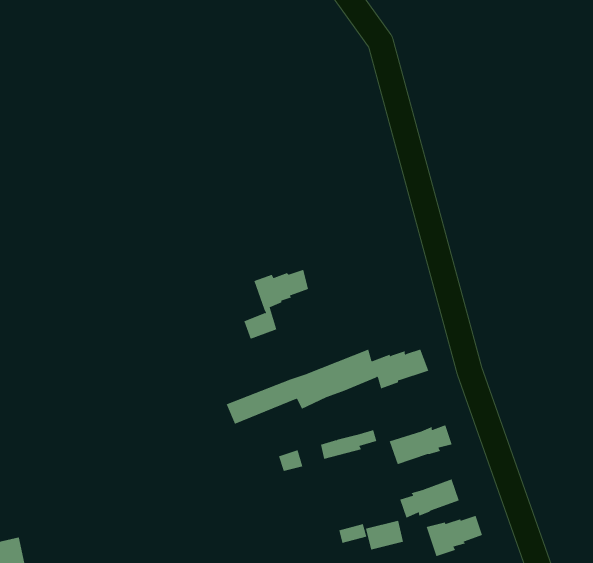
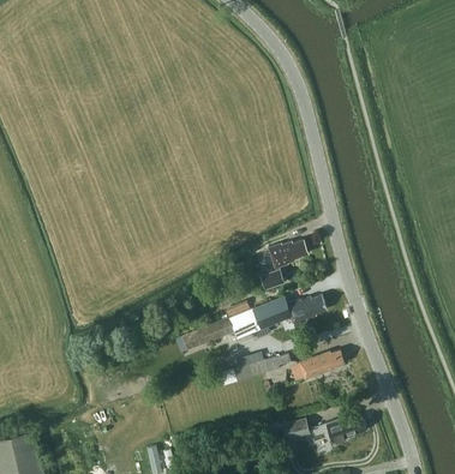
building: [243,269,309,339] -> [258,240,305,290]
building: [399,478,459,518] -> none

